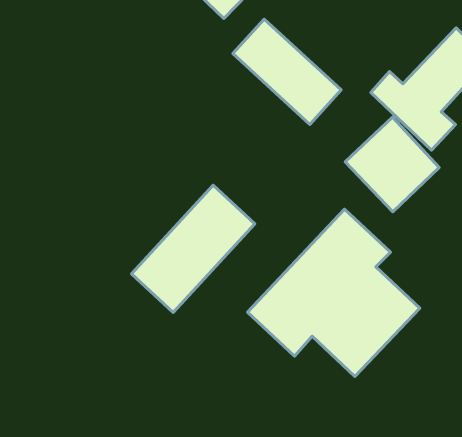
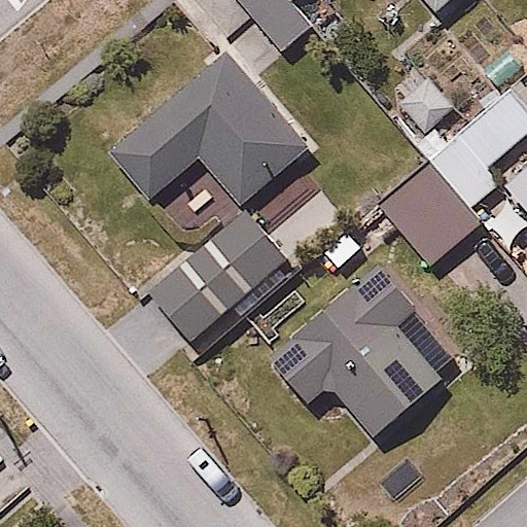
building: [233,19,341,124] -> none
building: none -> [110,56,305,204]

